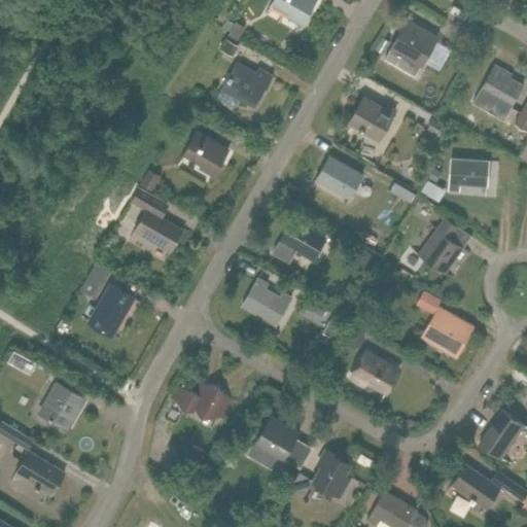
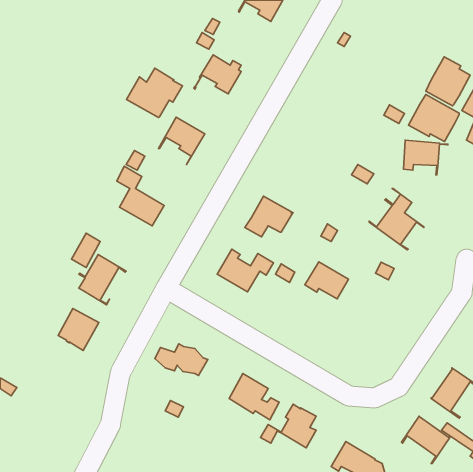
building: [385,17,440,77] -> none
building: none -> [127,68,182,117]
building: [343,98,399,142] -> none
building: none -> [408,95,459,141]
building: [316,157,363,199] -> none
building: [424,310,471,355] -> none
building: [351,352,399,393] -> [305,262,348,299]
building: [39,384,84,430] -> [58,309,99,350]
building: [10,452,65,505] -> none

